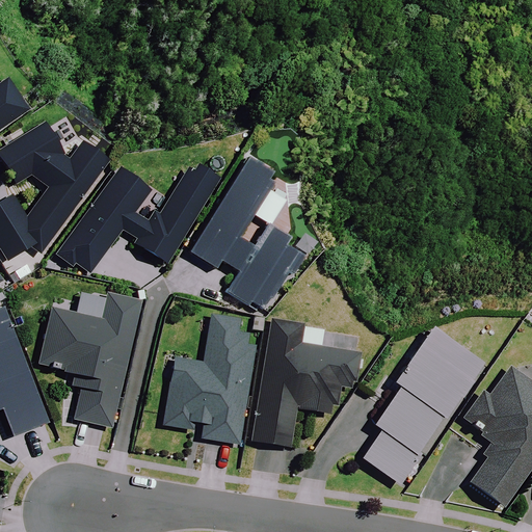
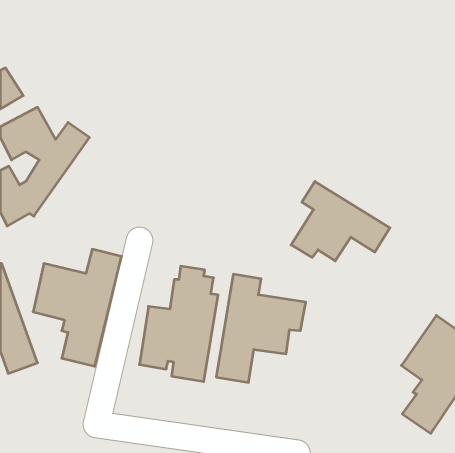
building: [190,158,301,311] -> none
building: [61,162,216,270] -> none
building: none -> [291,181,390,261]
building: [362,329,483,482] -> none

